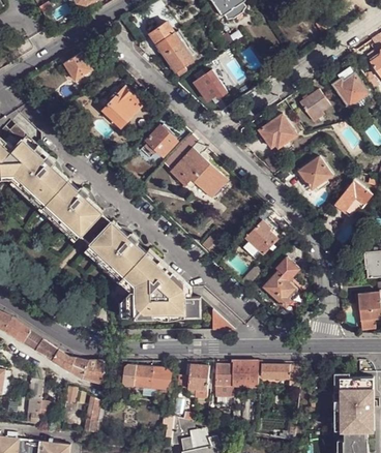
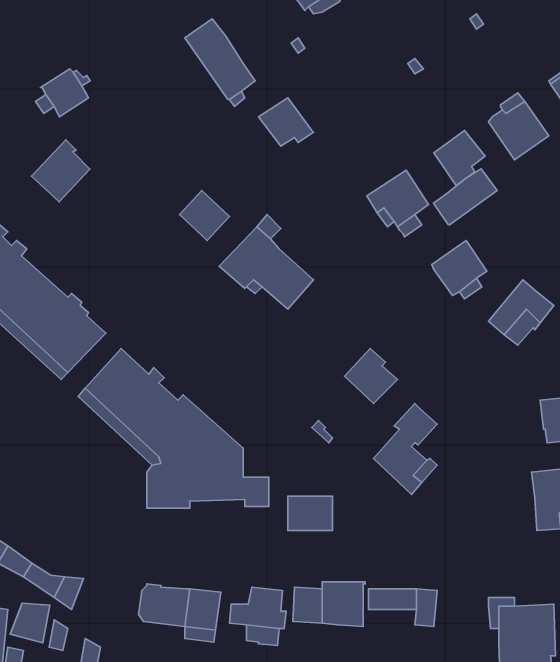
building: [105,88,140,125] -> [32,140,90,202]
building: none -> [434,169,497,225]
building: [81,360,105,384] -> [10,603,50,643]

